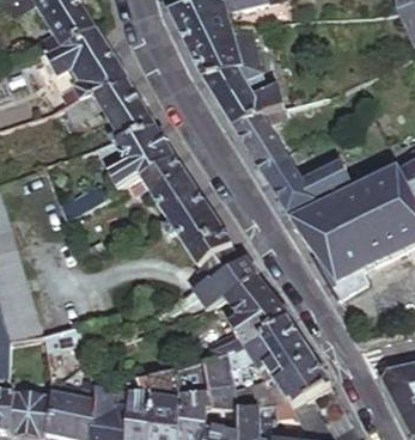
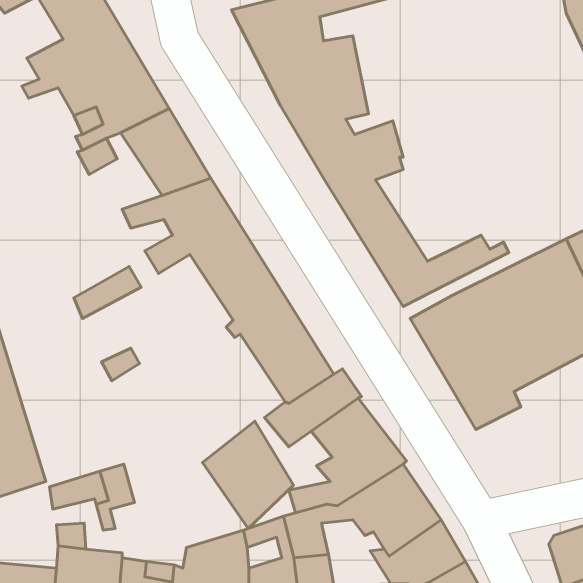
building: none -> [203,421,294,529]

